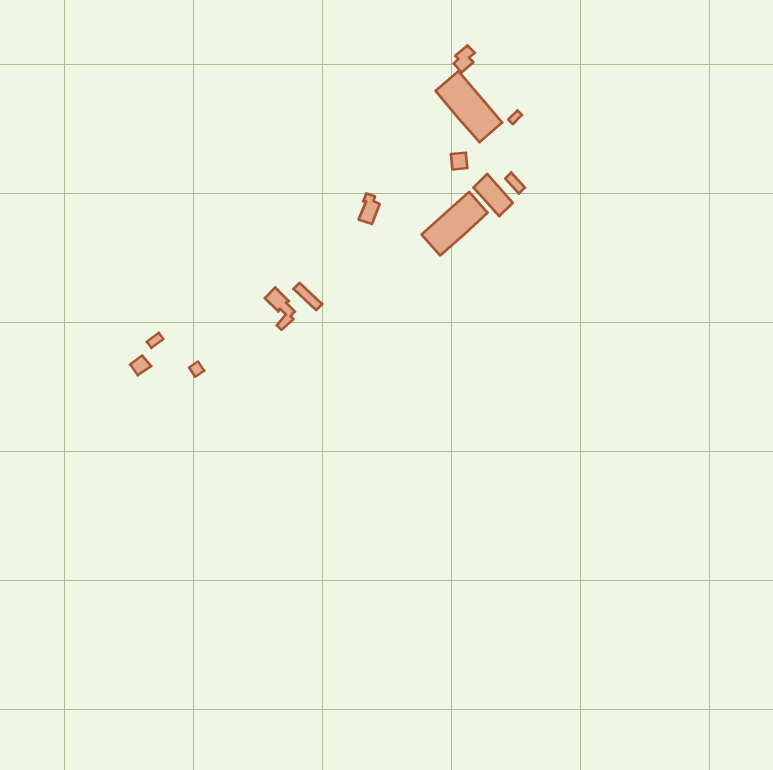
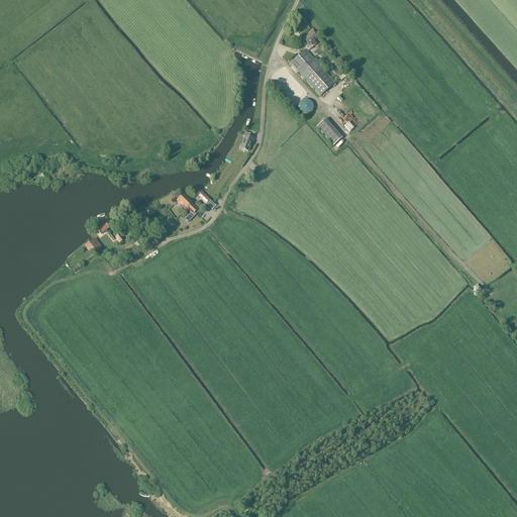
building: [422,192,488,255] -> none

